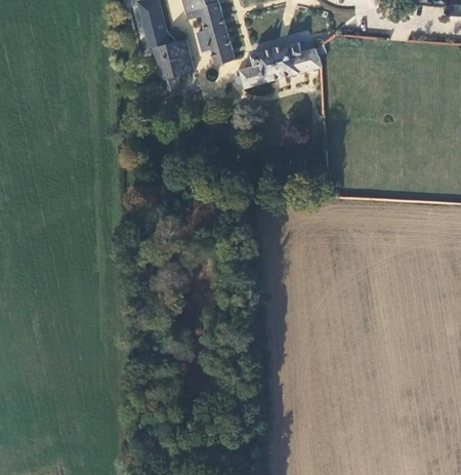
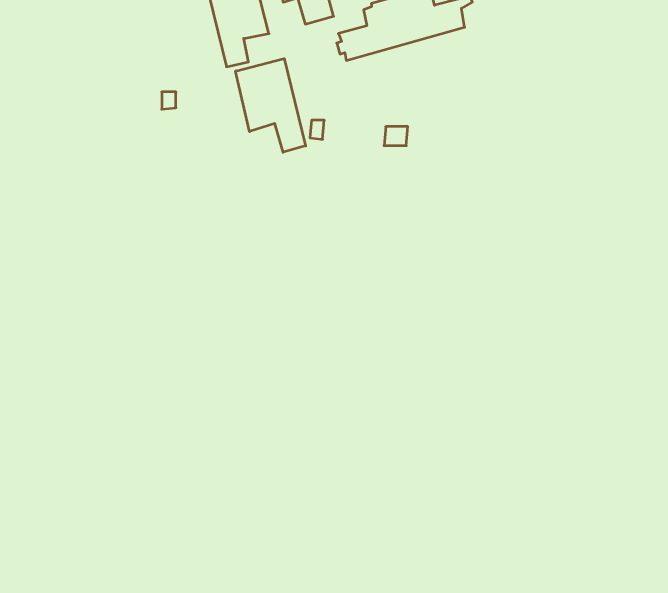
building: none -> [236,59,306,152]

